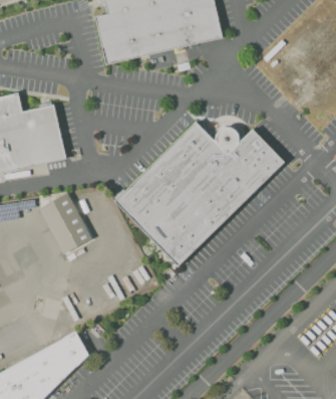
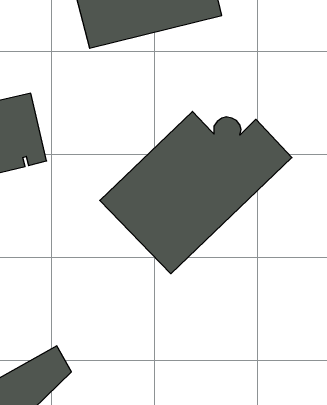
building: [37,192,93,255] -> none

